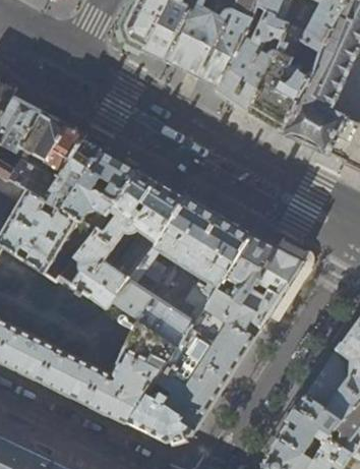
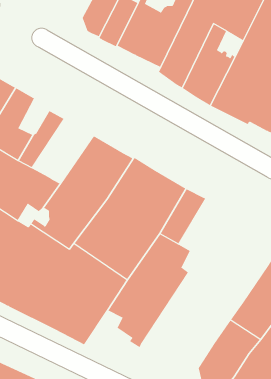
building: [44,123,83,168] -> none
building: [60,149,135,228] -> none
building: [240,246,301,337] -> none
building: [124,384,192,442] -> none

